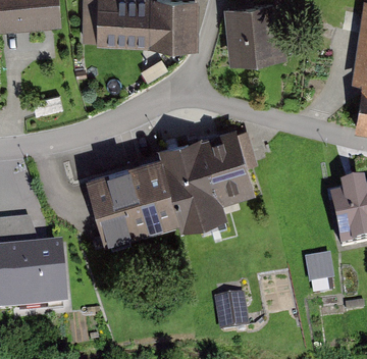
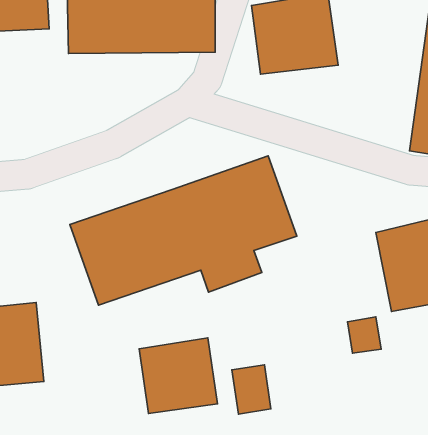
building: none -> [139,338,218,414]

